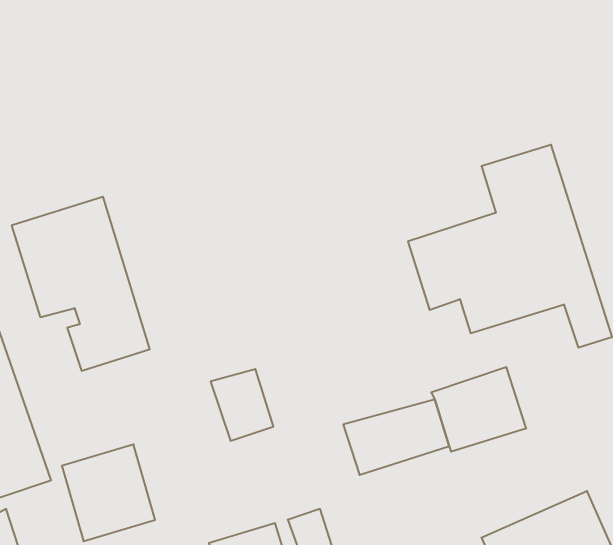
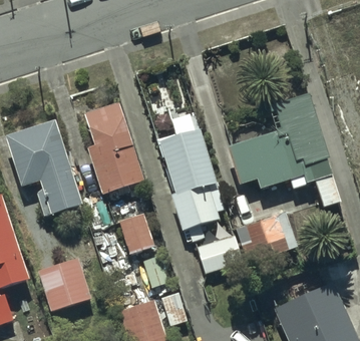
building: none -> [80,101,140,193]
building: none -> [159,127,220,230]

